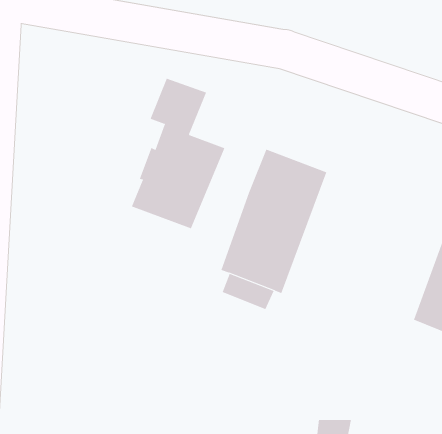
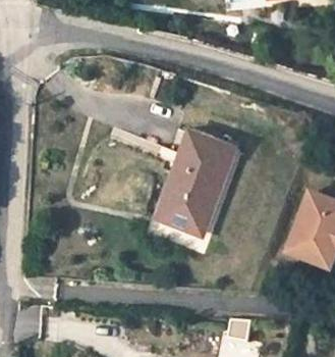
building: [131,78,225,229] -> none

